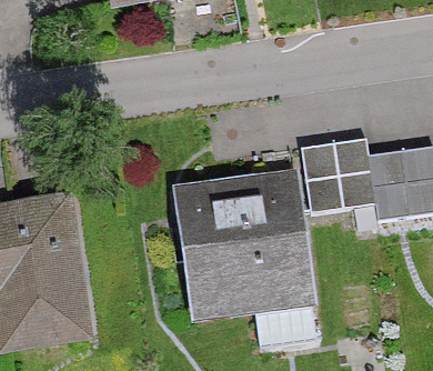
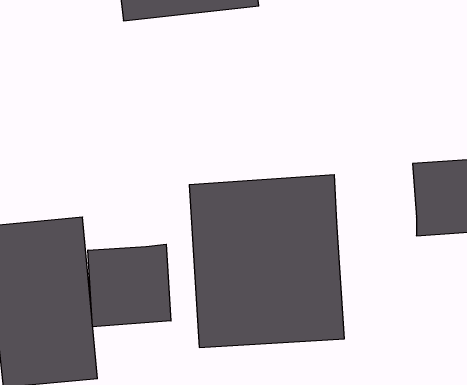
building: [303,143,377,203] -> none
building: none -> [88,244,171,327]

